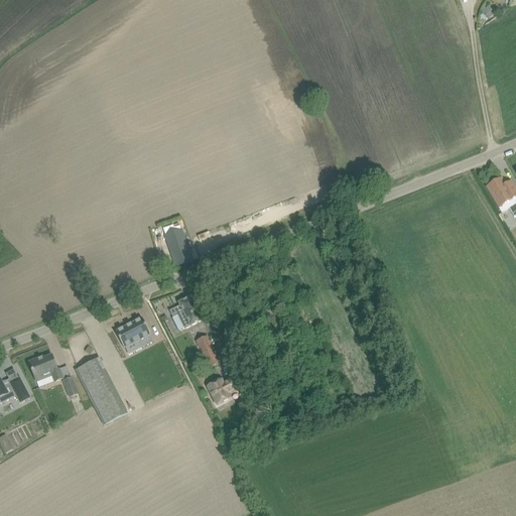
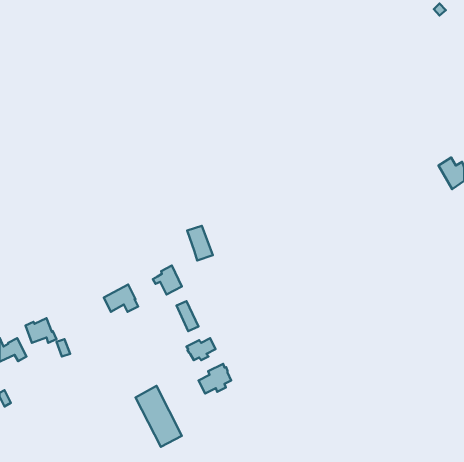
building: [164,227,192,265] -> [187,226,213,261]
building: [76,356,127,423] -> [135,386,182,447]
building: none -> [199,364,231,394]

